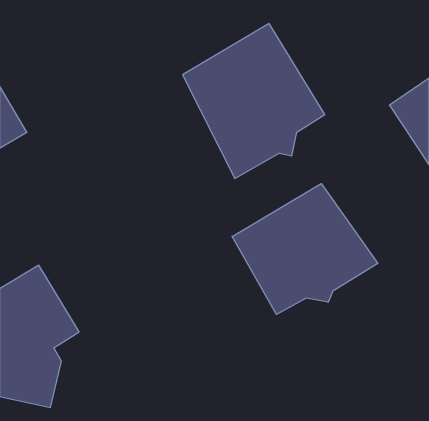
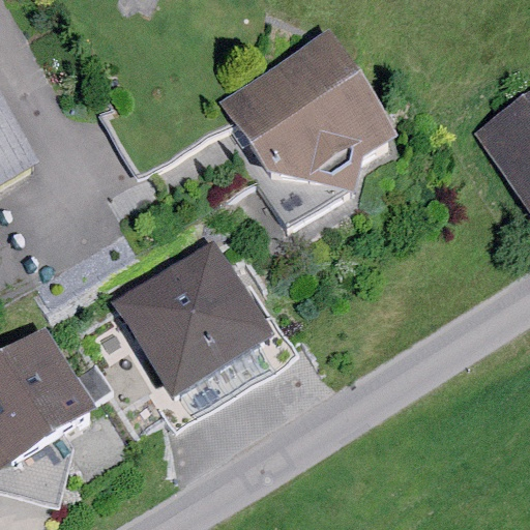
building: [232,184,378,314] -> none
building: none -> [114,240,270,394]

